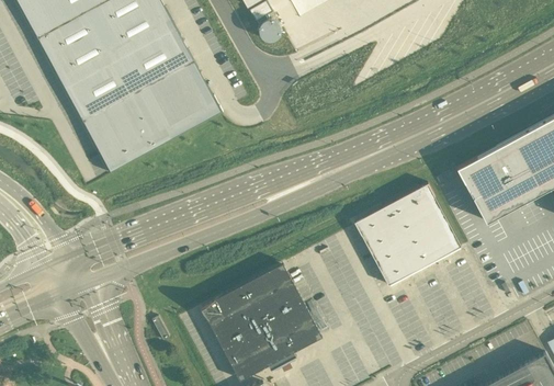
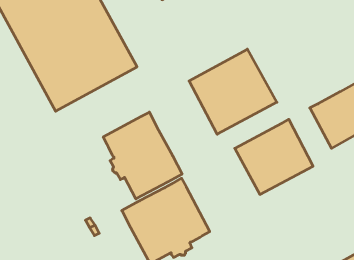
building: none -> [189,49,277,134]
building: none -> [103,112,182,199]

